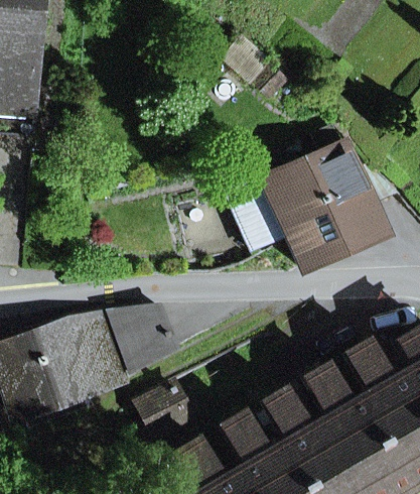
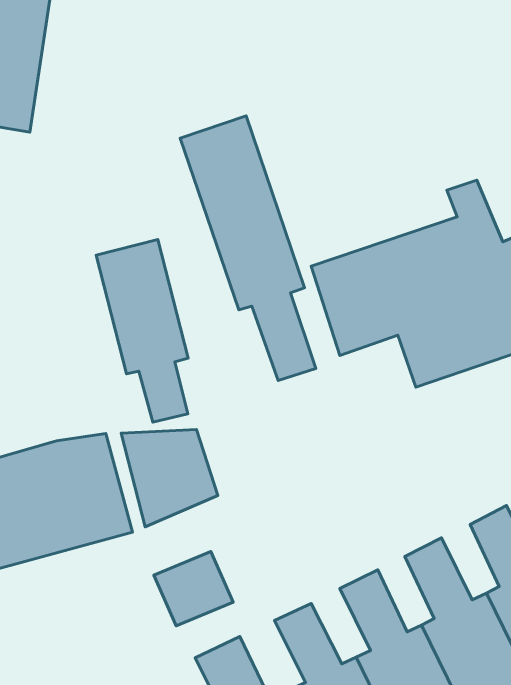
building: none -> [180,116,316,380]
building: none -> [96,239,188,422]

